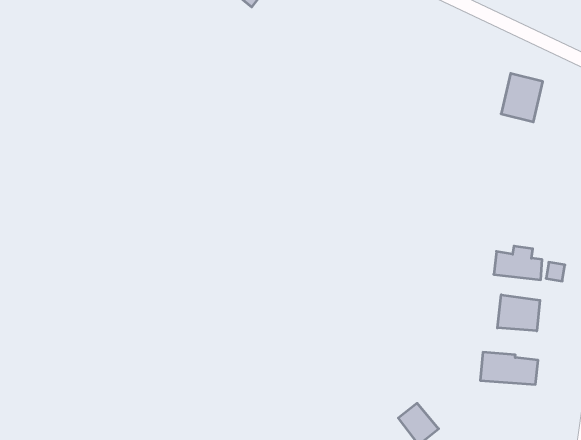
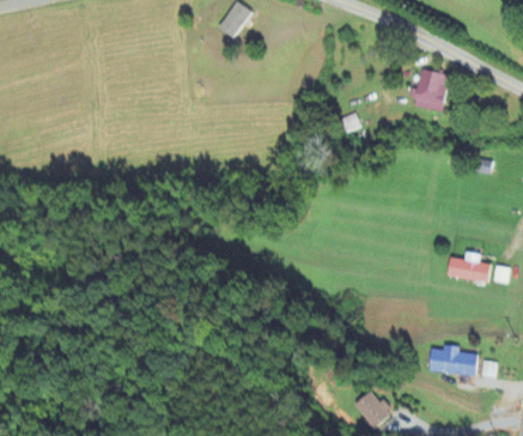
building: [501,73,543,122] -> [411,68,448,111]
building: [497,295,540,331] -> none

